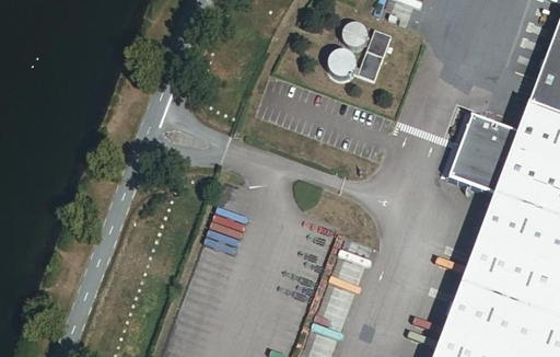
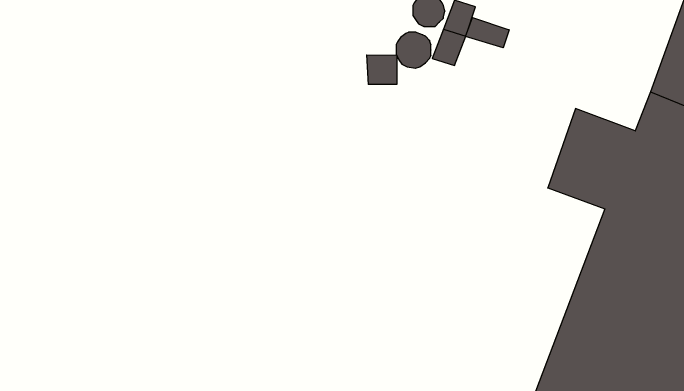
building: none -> [466,18,509,48]
building: none -> [367,55,397,84]

